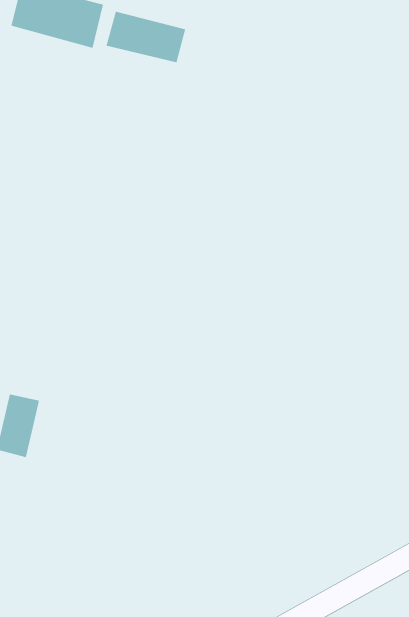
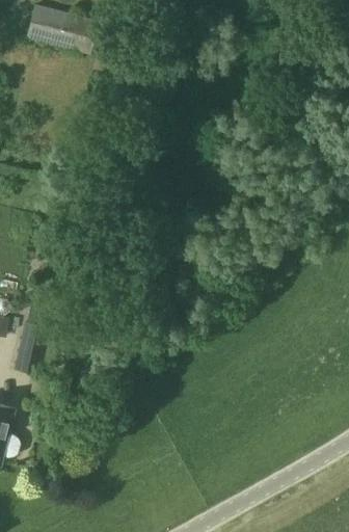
building: [106,11,186,63] -> none

